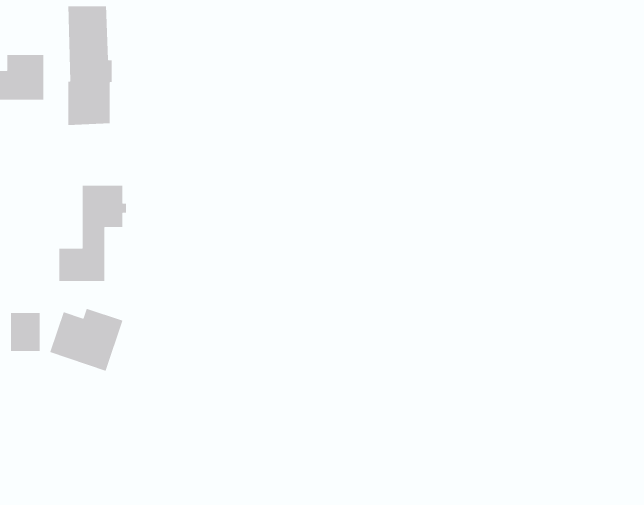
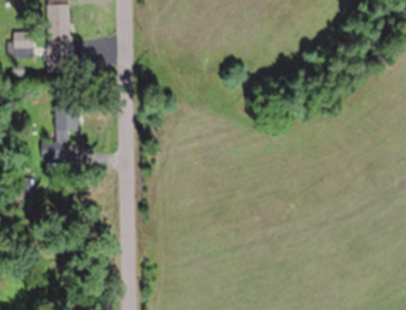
building: [49,308,123,372] -> none

